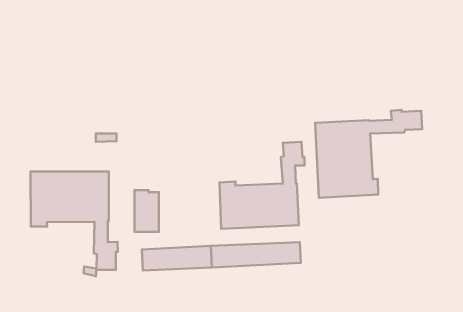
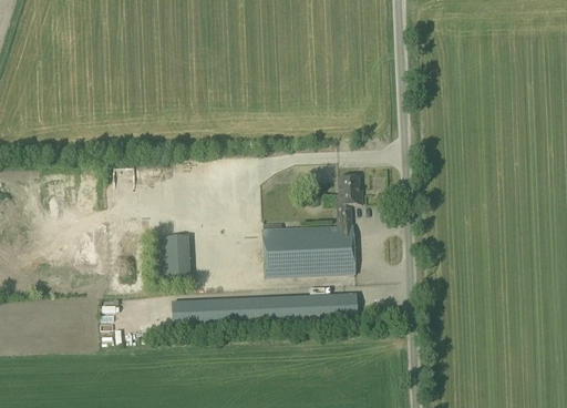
building: [315,110,422,198] -> none
building: [30,171,118,270] -> none

